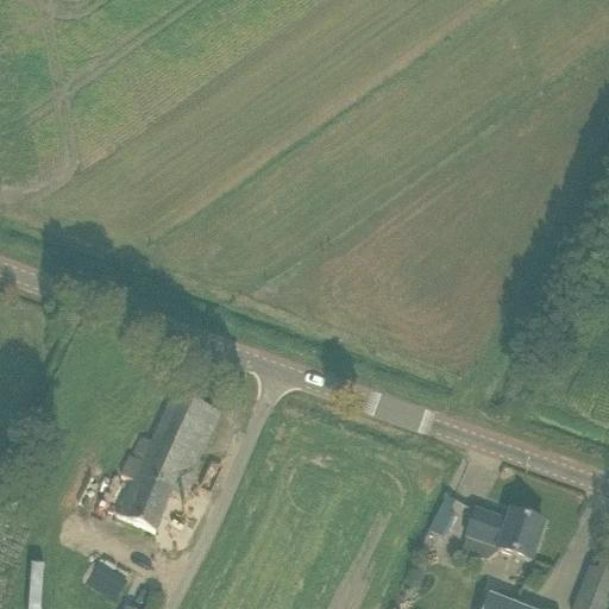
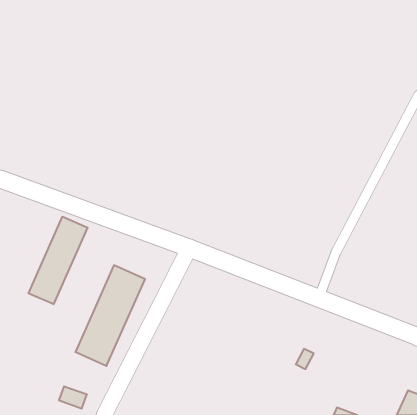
building: none -> [29,217,88,304]
building: [470,509,546,560] -> none

